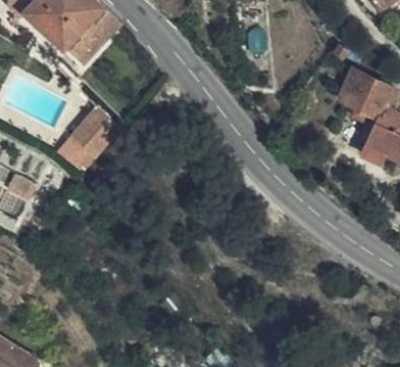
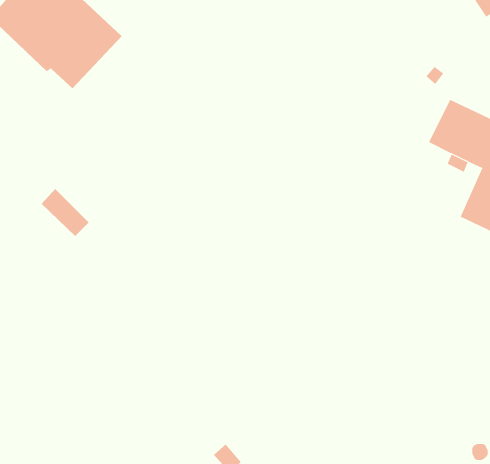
building: [69,109,118,159] -> none

